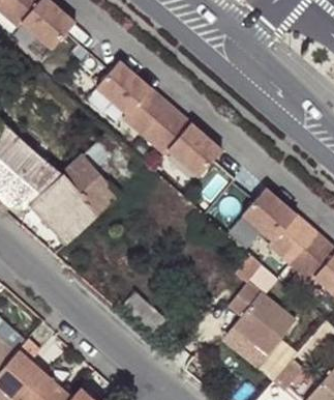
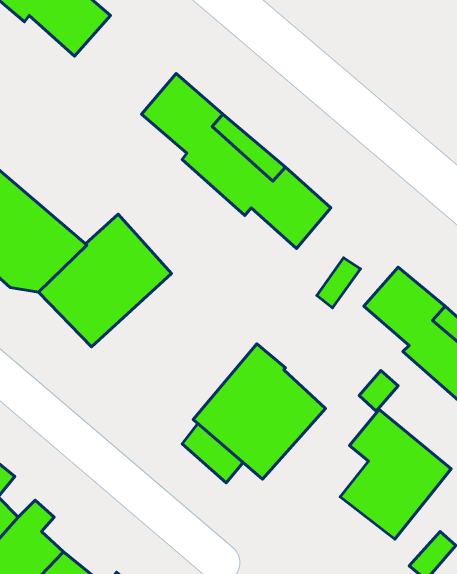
building: none -> [193,344,325,479]

